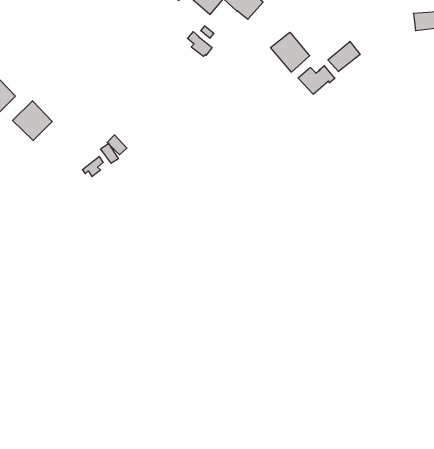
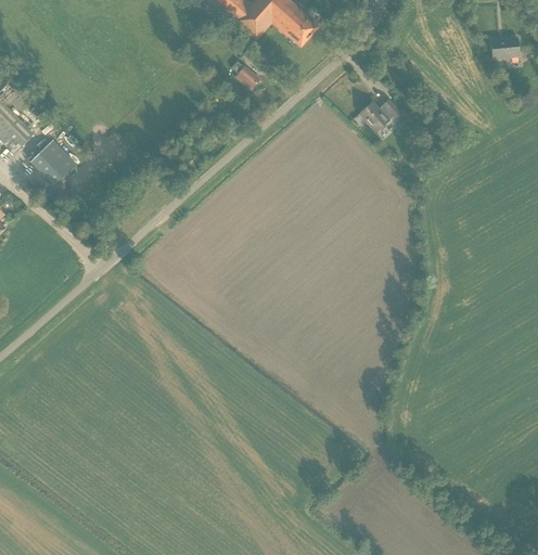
building: [271,32,310,72] -> none
building: [328,41,360,72] -> none

